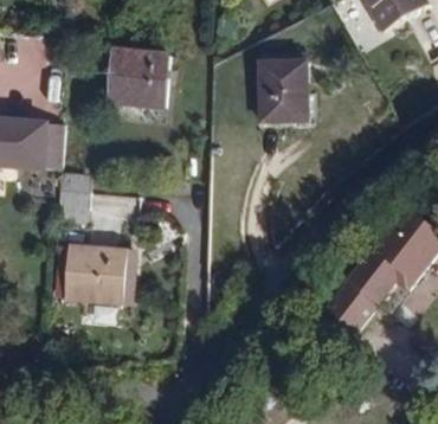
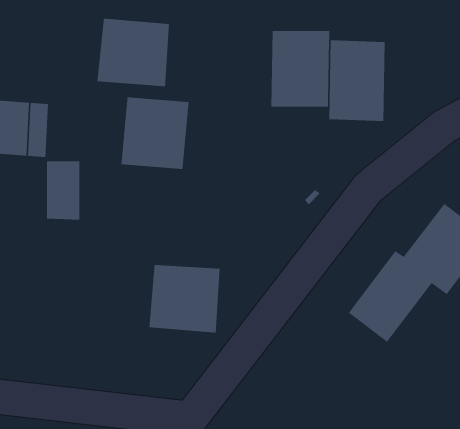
building: none -> [329,39,386,122]
building: none -> [120,97,190,170]
building: [62,240,124,301] -> [149,264,221,333]

